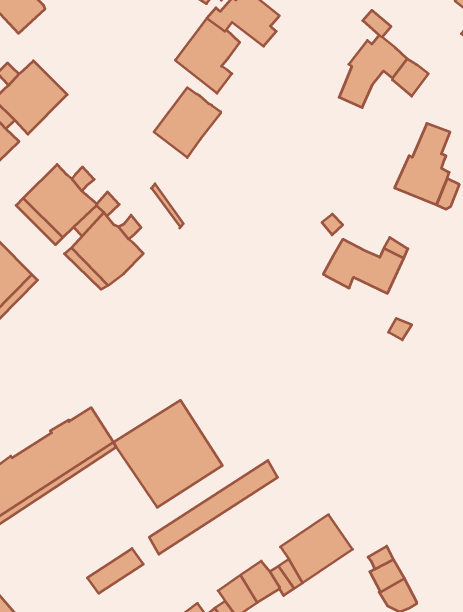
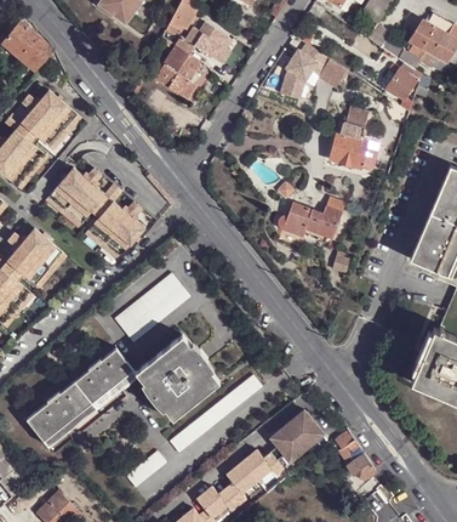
building: [154,88,221,158] -> none
building: none -> [114,272,190,342]

